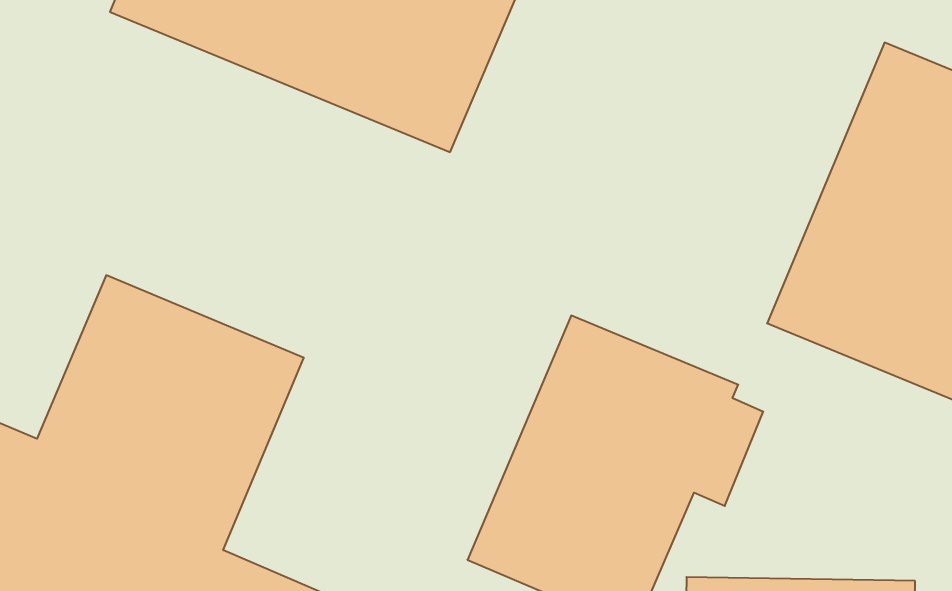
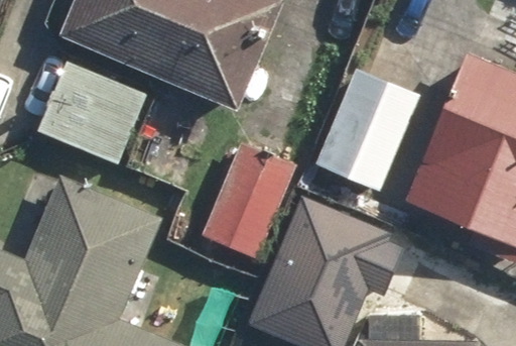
building: none -> [36,63,145,167]
building: none -> [313,68,421,194]
building: none -> [199,143,294,261]

